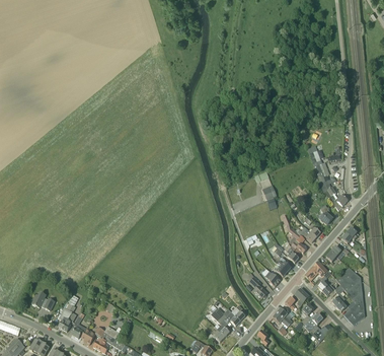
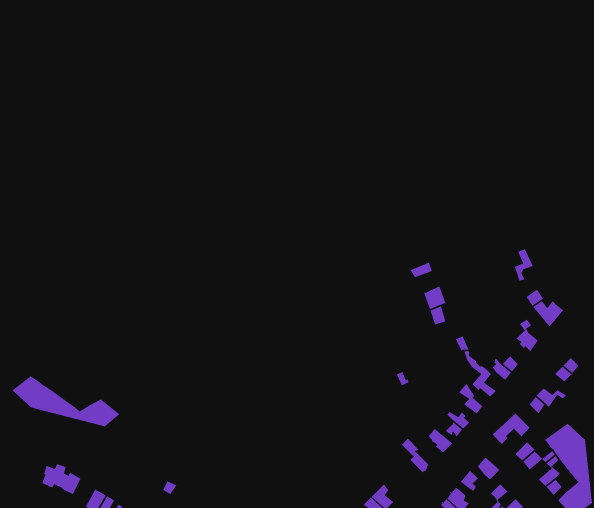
building: none -> [12,375,121,427]

